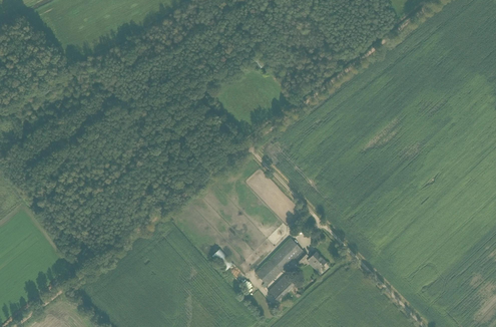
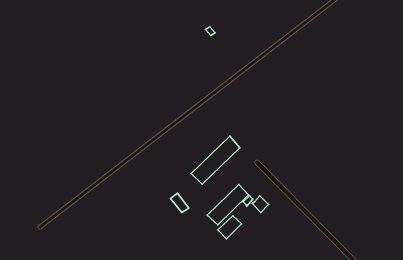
building: none -> [191,136,240,184]

